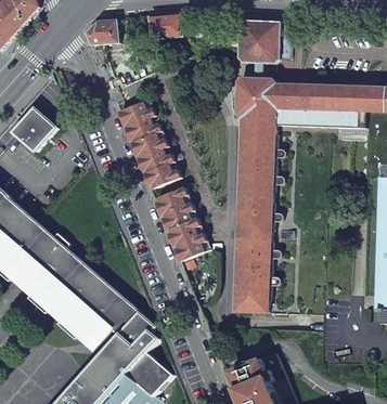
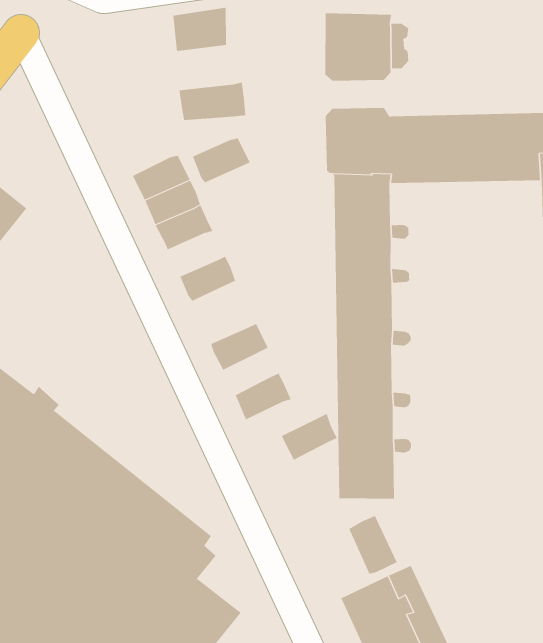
building: [85,19,117,44] -> none
building: none -> [179,82,246,121]
building: [138,146,172,172] -> [192,138,251,183]
building: [154,186,189,213] -> none
building: [167,218,201,245] -> [281,413,338,461]
building: none -> [348,515,397,575]

